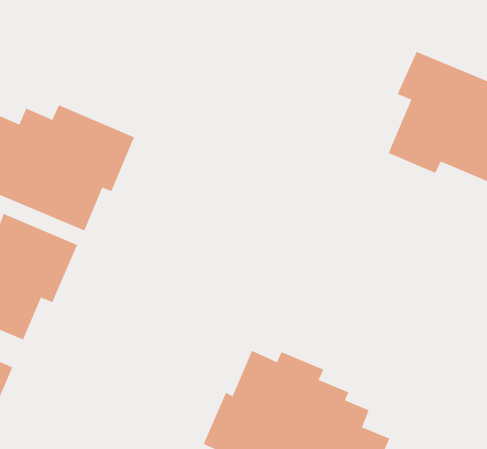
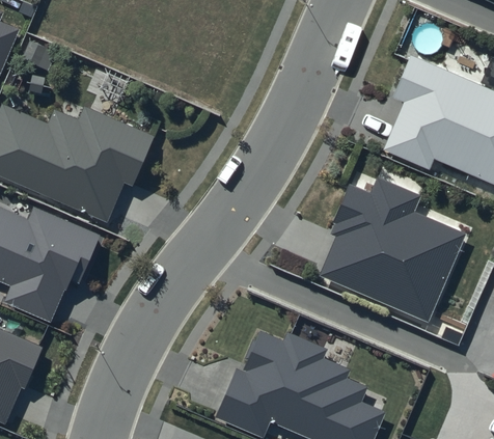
building: none -> [320,177,466,322]

